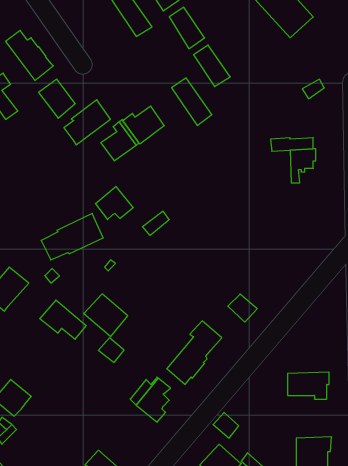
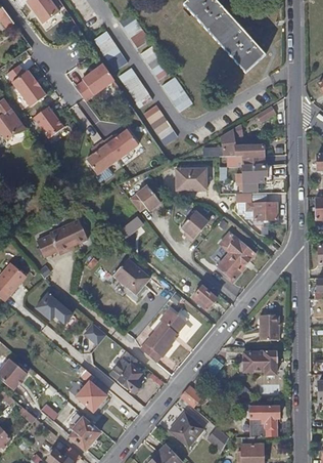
building: none -> [120,68,153,108]
building: [64,100,110,145] -> [76,62,114,100]
building: none -> [222,124,264,156]
building: none -> [176,167,206,190]
building: [95,187,133,220] -> [129,184,160,212]
building: none -> [247,201,278,220]
building: none -> [181,210,209,240]
building: none -> [220,231,255,277]
building: [84,294,128,337] -> [113,258,150,294]
building: none -> [259,314,278,340]
building: none -> [77,370,108,409]

